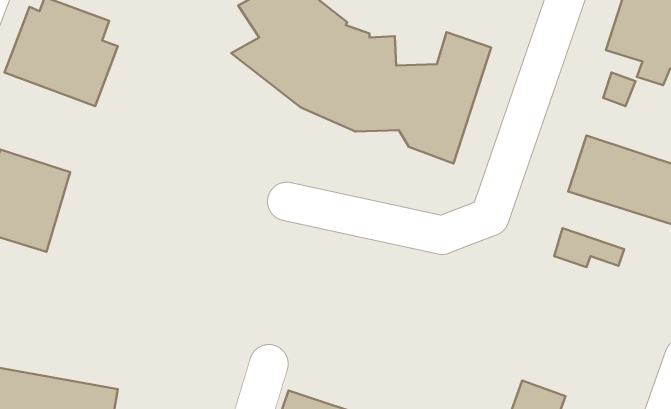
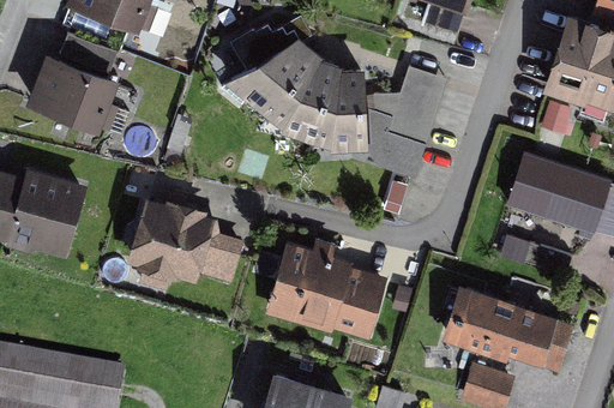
building: none -> [132,200,241,287]
building: none -> [271,242,381,340]
building: none -> [441,286,565,371]

